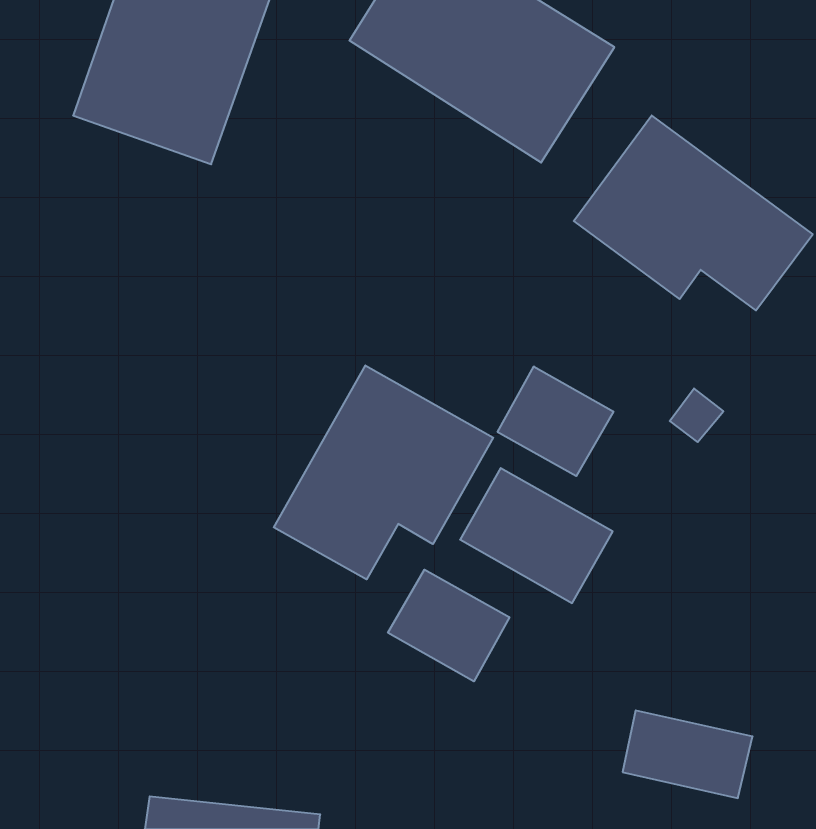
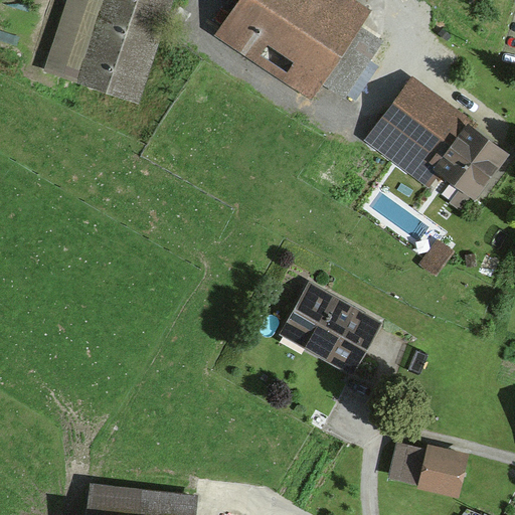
building: [274,365,493,579] -> none
building: [498,366,613,476] -> none
building: [388,570,509,681] -> none

